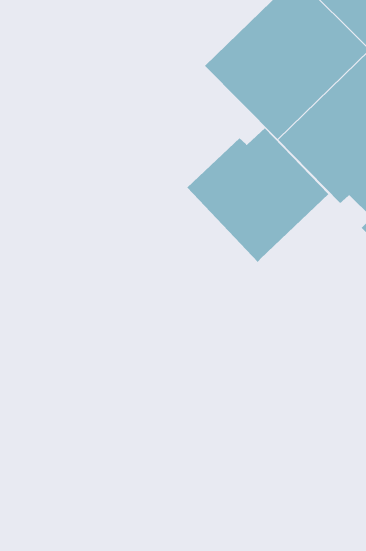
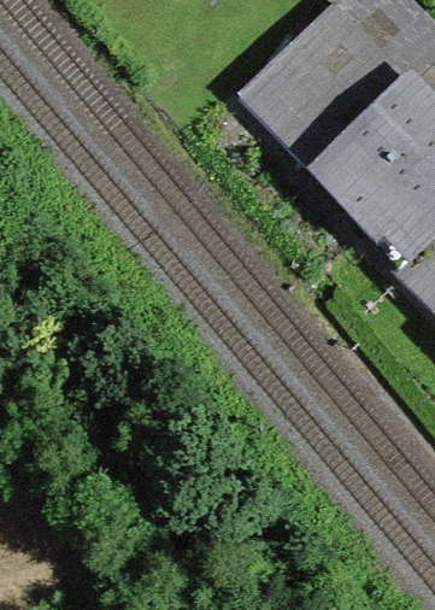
building: [187,127,329,263] -> none

